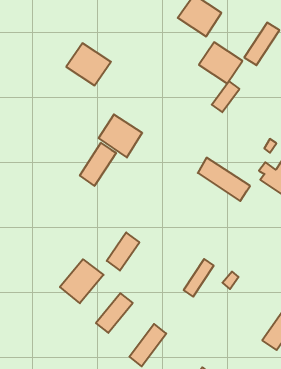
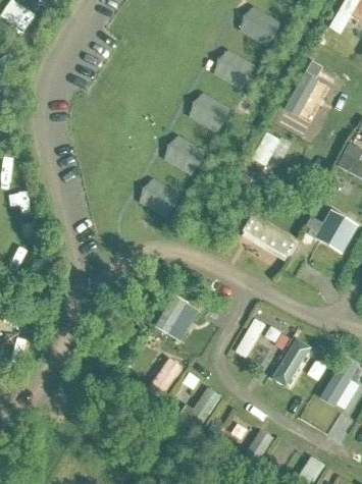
building: [199,42,242,83] -> [187,90,231,131]
building: [66,43,111,85] -> [161,132,207,175]
building: [80,143,116,186] -> none
building: [60,259,104,303] -> none
building: none -> [270,339,311,389]

